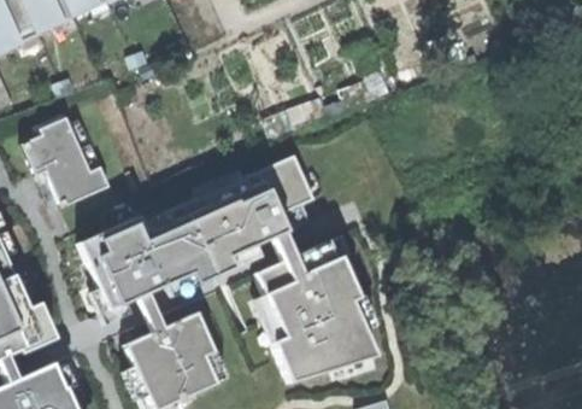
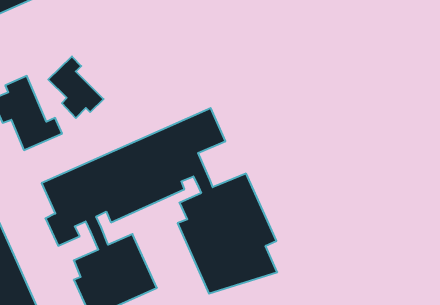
building: none -> [48,56,104,118]

